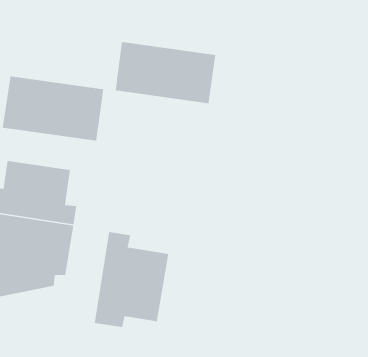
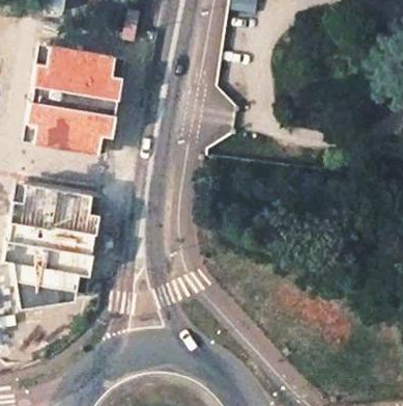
building: [115,41,216,104] -> [29,39,131,103]
building: [94,231,169,328] -> none

